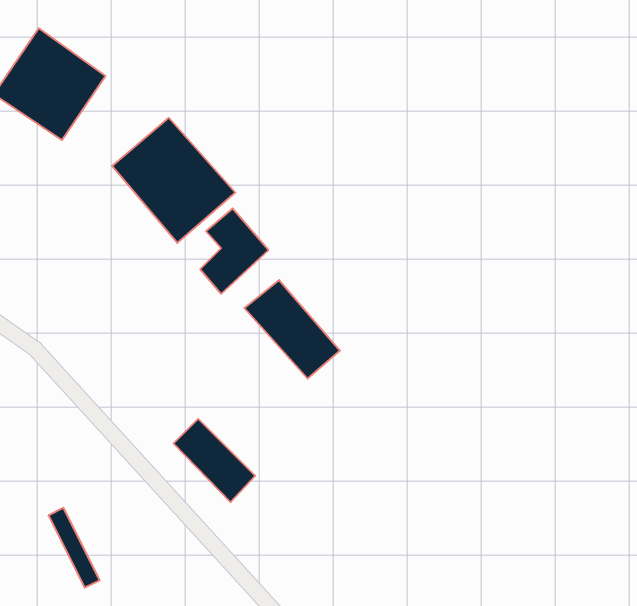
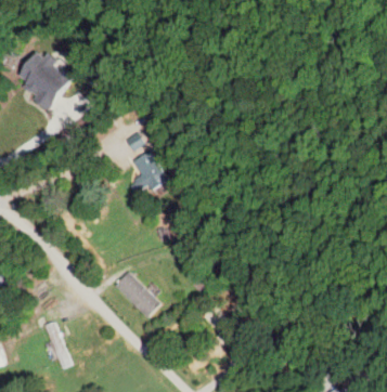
building: [112,118,235,243] -> none
building: [244,280,340,379] -> none

